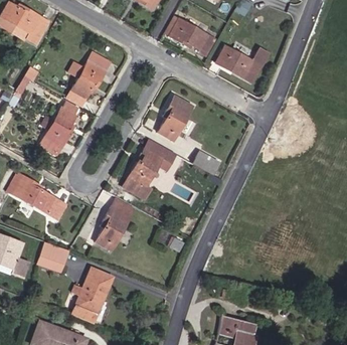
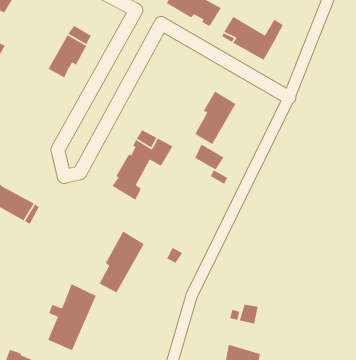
building: [158,95,193,140] -> [194,91,237,145]
building: [40,102,77,155] -> none
building: [96,197,134,249] -> [99,231,145,294]
building: [37,240,69,276] -> none

